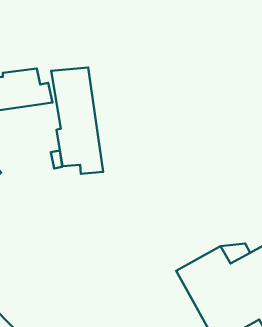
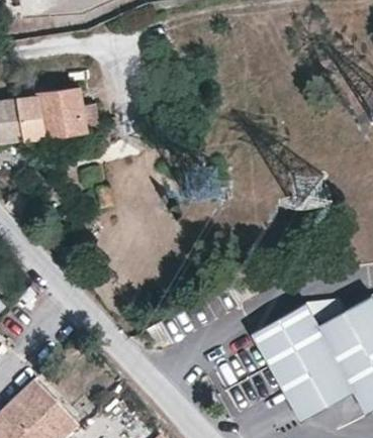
building: [51,68,103,174] -> none

